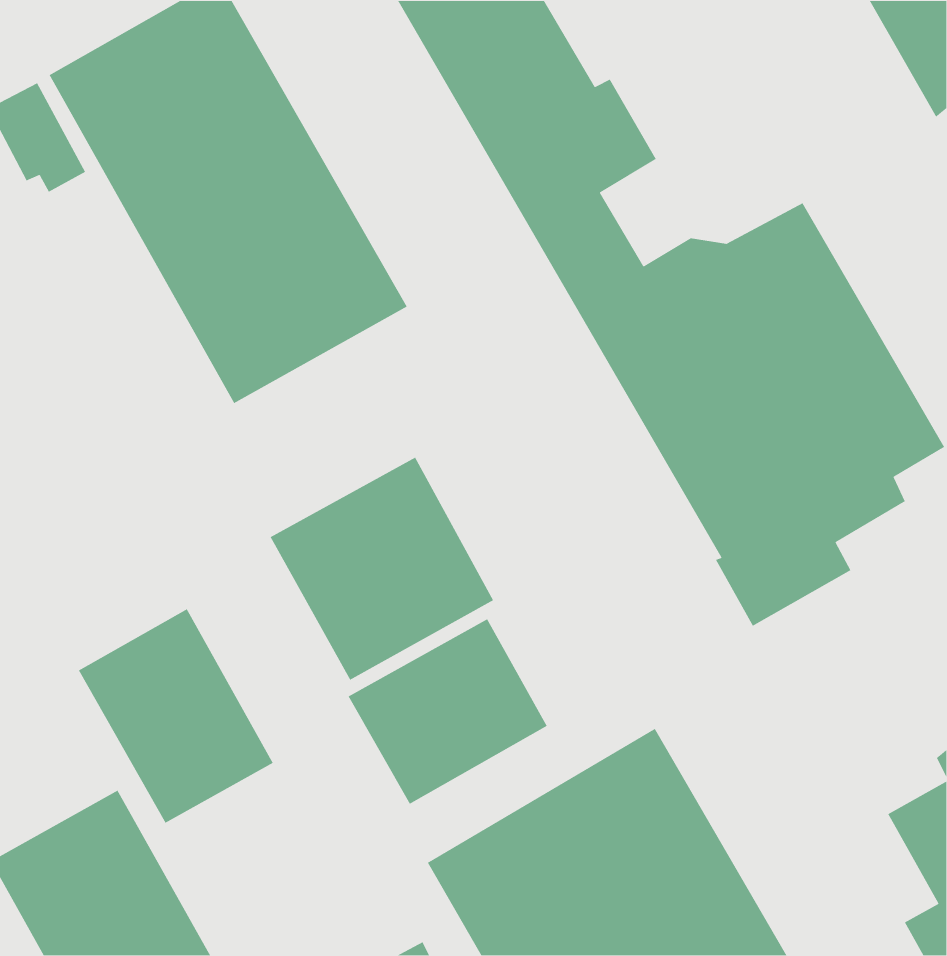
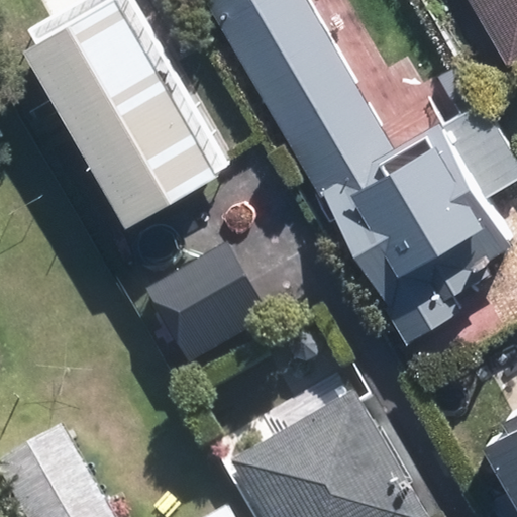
building: [78,608,274,824] -> none
building: [348,618,548,805] -> none

